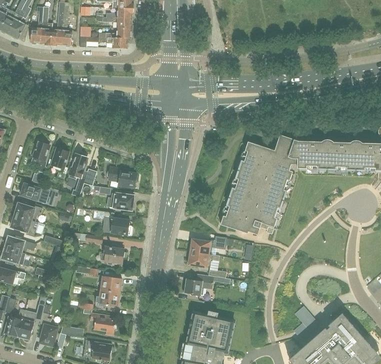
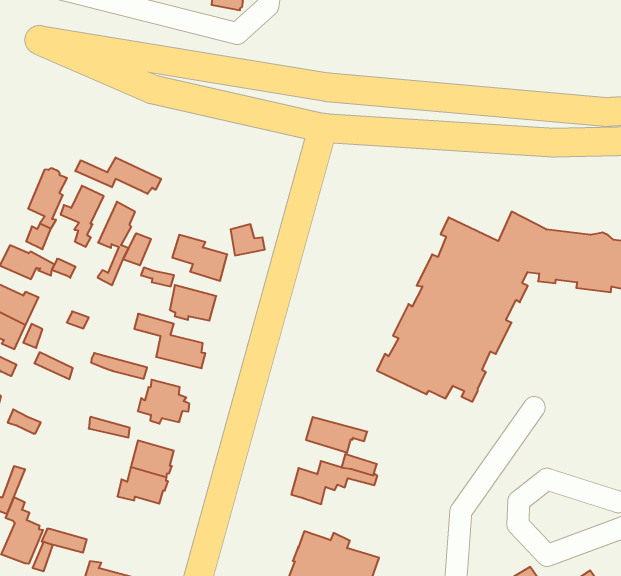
building: none -> [75,157,161,194]
building: [190,236,226,256] -> none
building: [83,309,115,335] -> none

